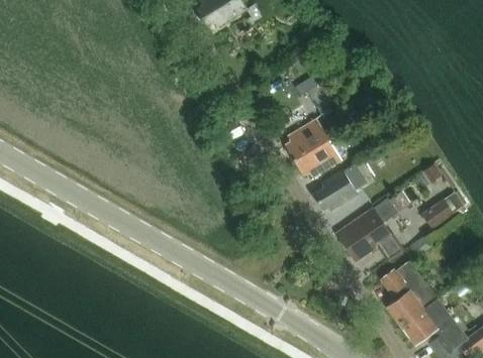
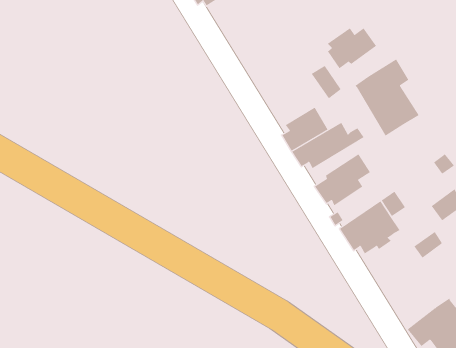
building: none -> [327,28,377,69]
building: none -> [355,58,420,137]
building: [377,260,439,326] -> none

